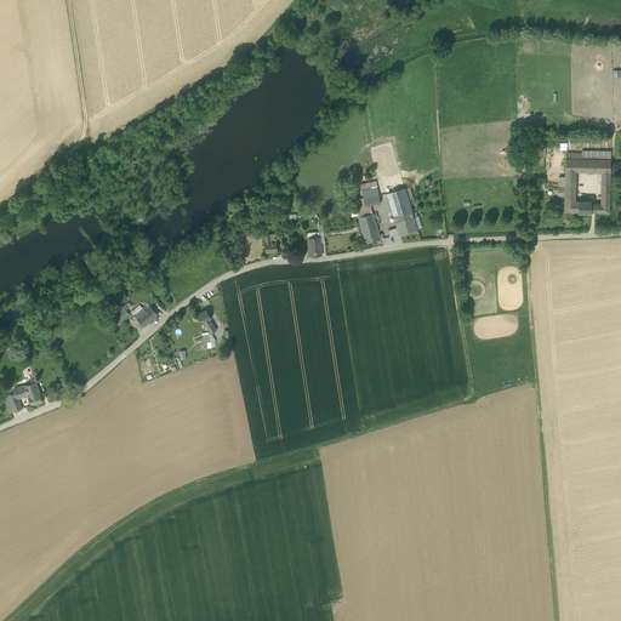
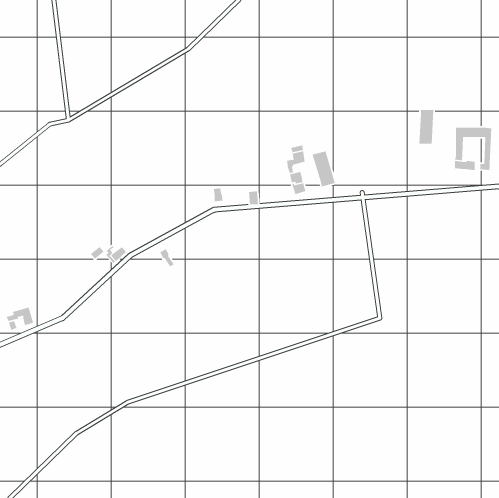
building: none -> [418,109,434,145]

